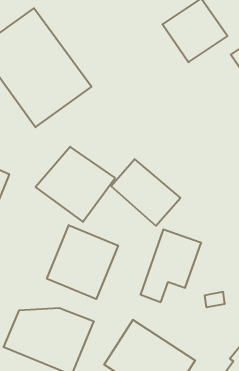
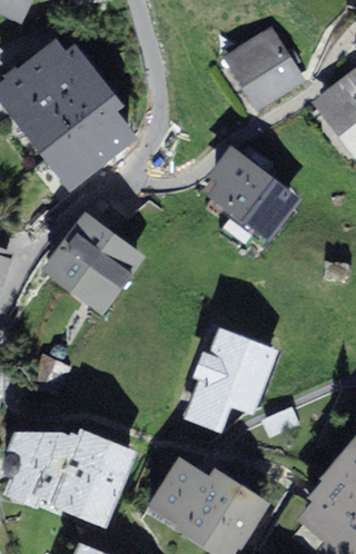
building: [111,159,180,226] -> [212,149,304,237]
building: [47,225,118,299] -> none

